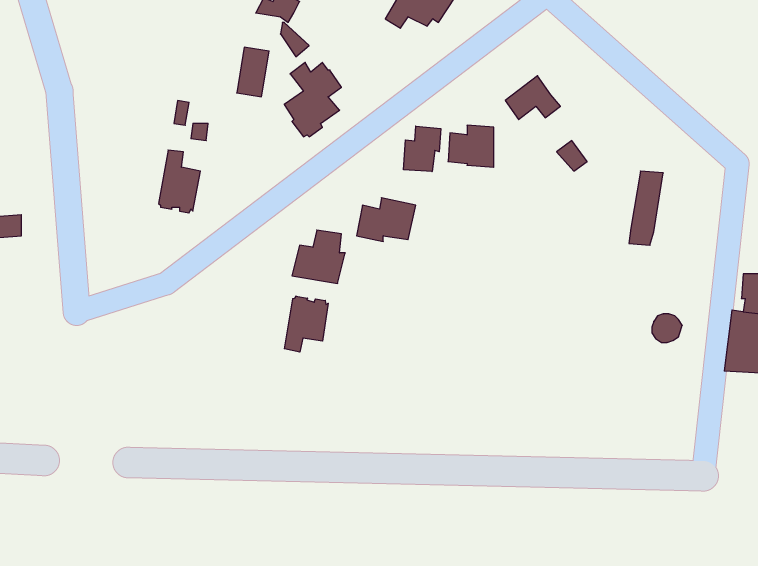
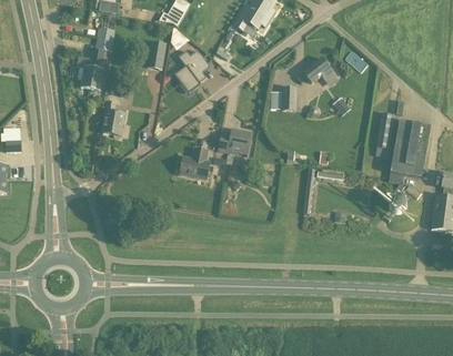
building: none -> [77,28,114,90]
building: [404,126,441,172] -> none
building: none -> [389,121,431,183]
building: [284,296,328,352] -> none

